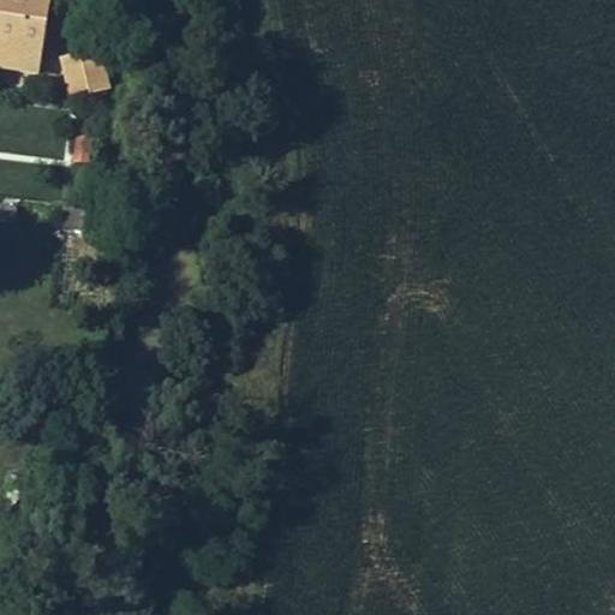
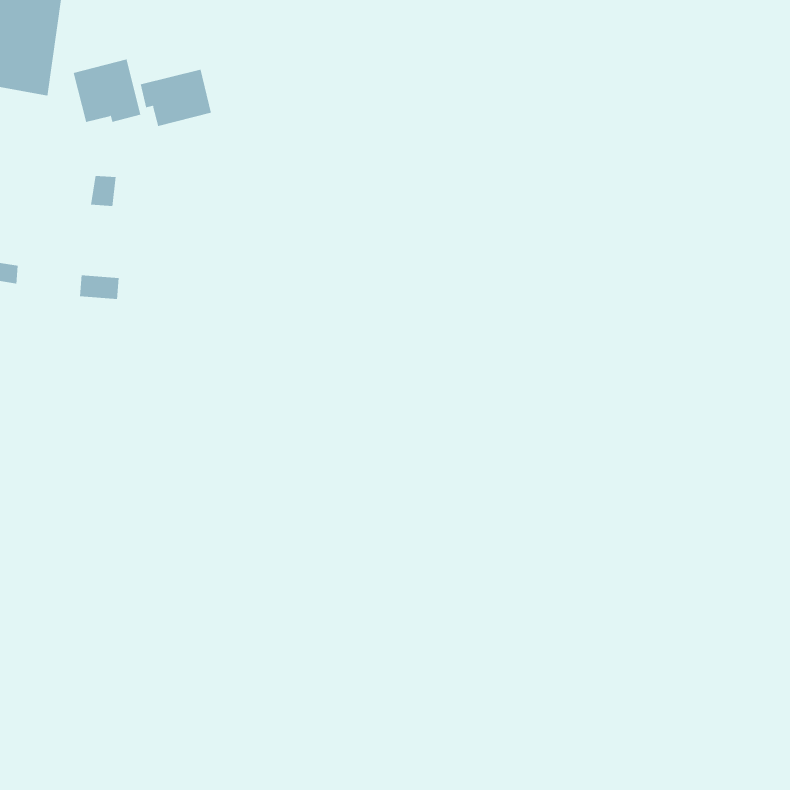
building: none -> [140,69,212,127]

